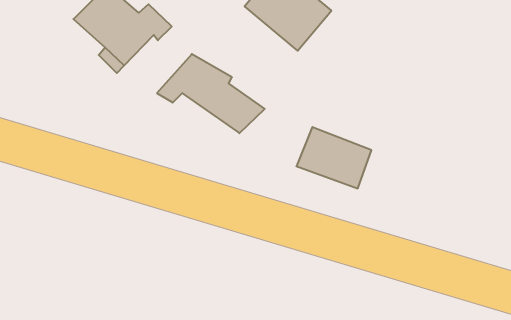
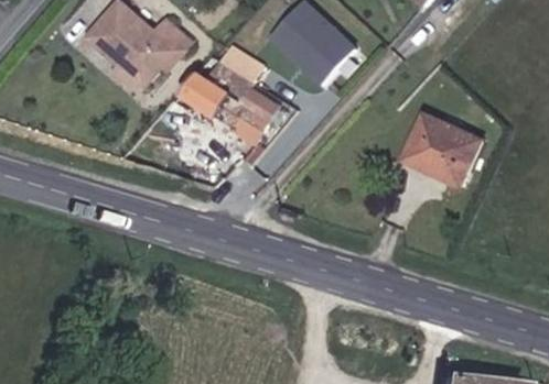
building: none -> [211,51,268,97]
building: [296,127,371,188] -> [403,119,482,183]

